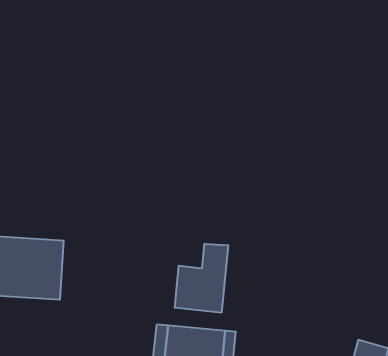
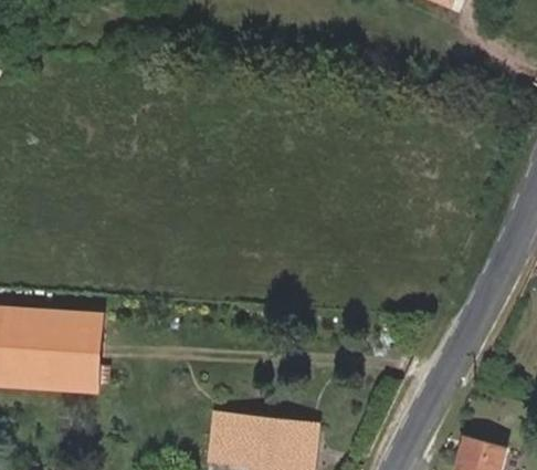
building: [175,244,228,313] -> none

